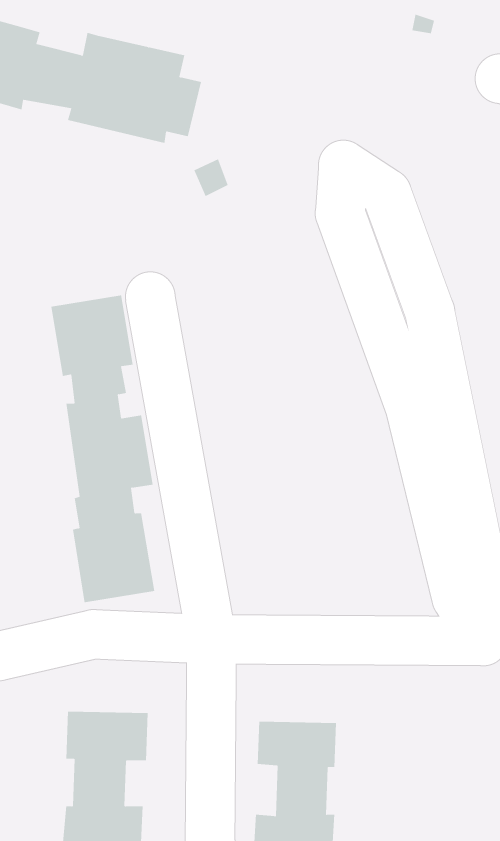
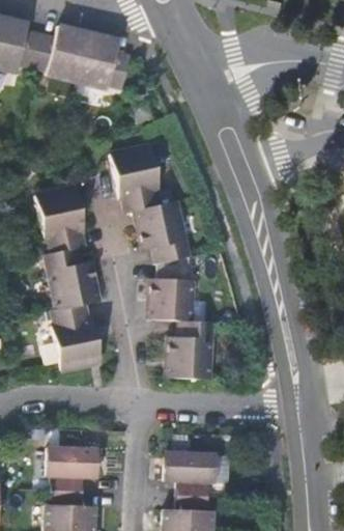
building: none -> [108,144,210,379]

